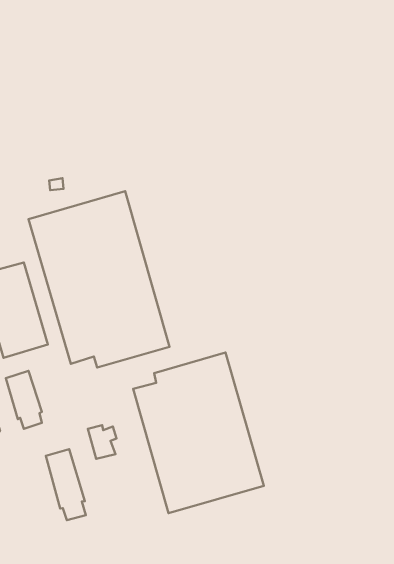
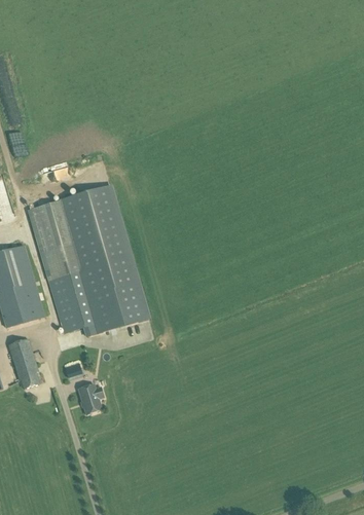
building: [133,352,264,513] -> none
building: [46,449,86,520] -> none

